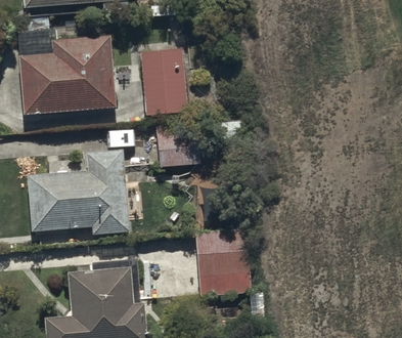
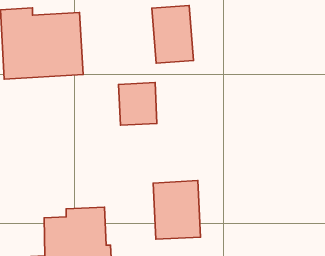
building: [140,49,188,116] -> [152,5,193,63]
building: [28,152,130,235] -> none

